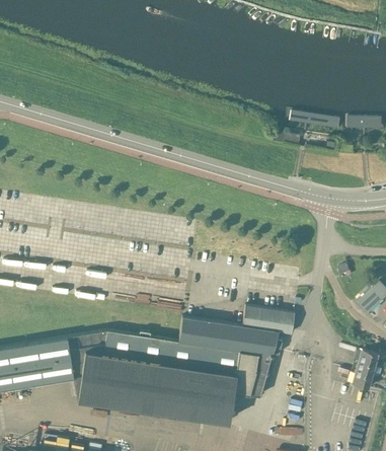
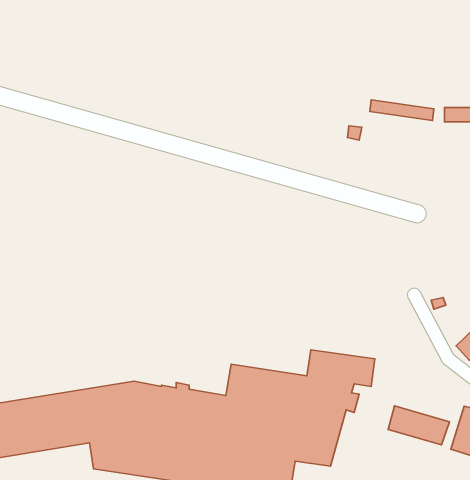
building: none -> [388,406,450,445]

